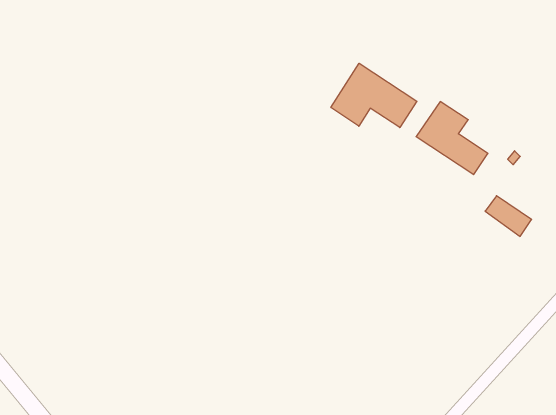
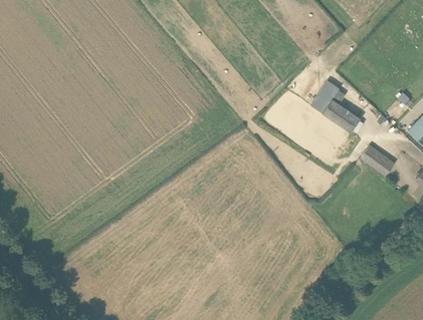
building: [331,63,417,128] -> none

